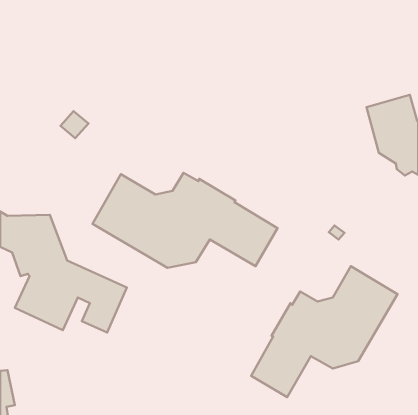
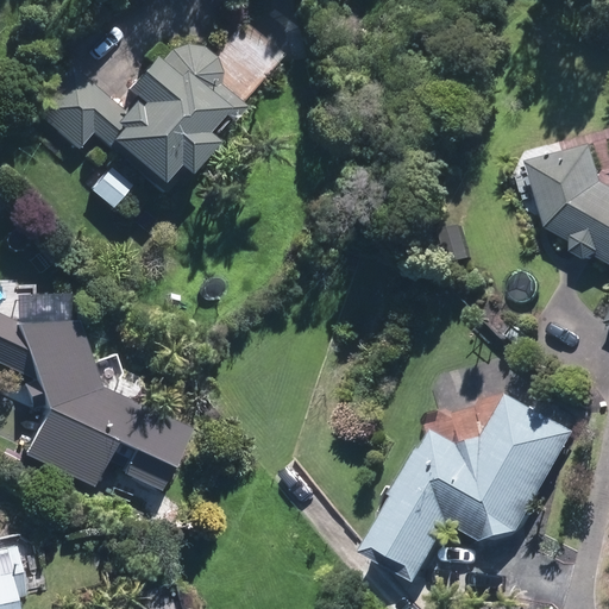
building: none -> [30,43,240,176]
building: [92,173,278,268] -> none

